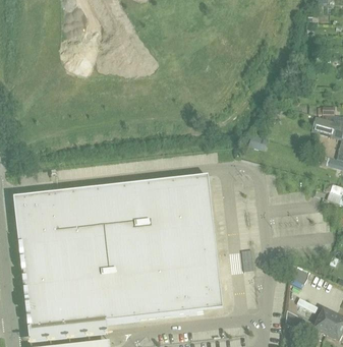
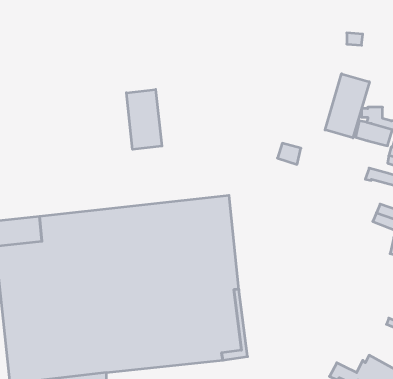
building: none -> [325,74,369,138]
building: none -> [126,89,162,149]

